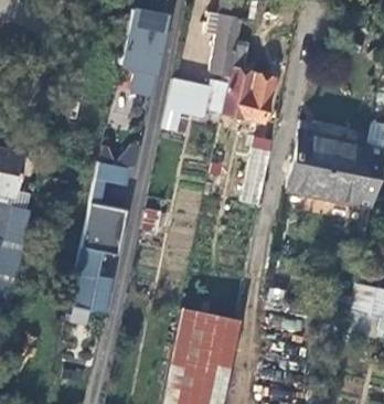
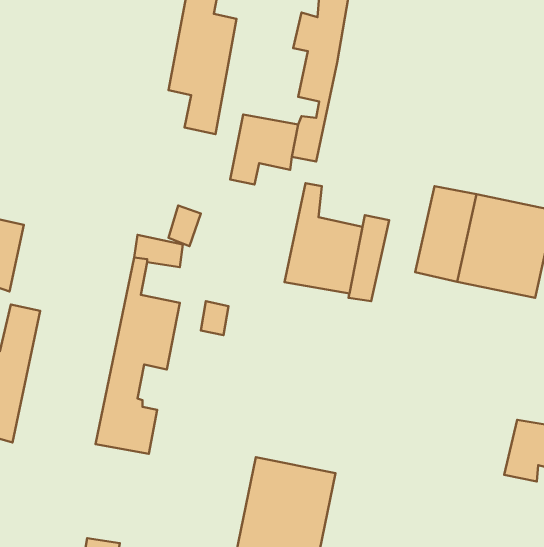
building: [222,45,275,120] -> [284,183,362,293]

